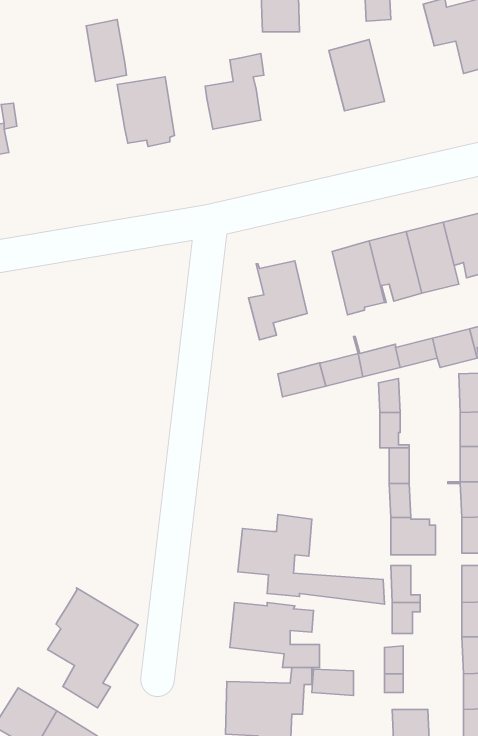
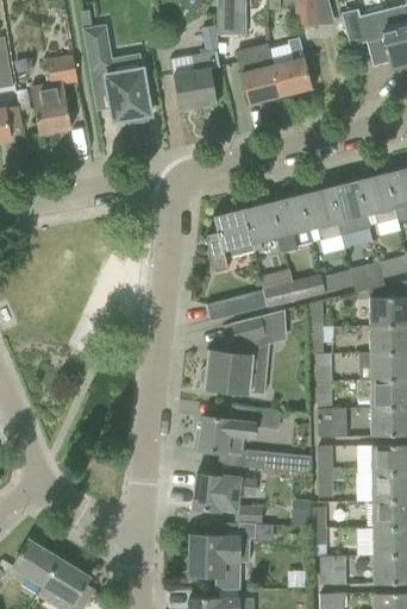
building: none -> [237,49,281,103]
building: none -> [31,54,77,134]
building: none -> [243,203,283,252]
building: none -> [199,309,286,393]
building: [48,588,138,708] -> none

